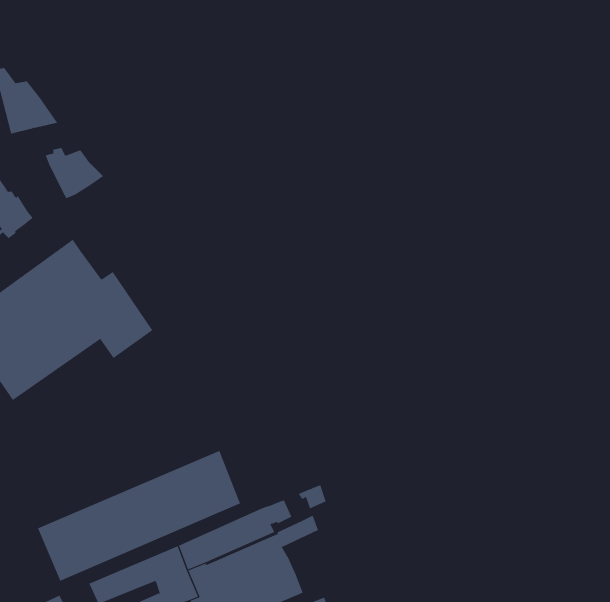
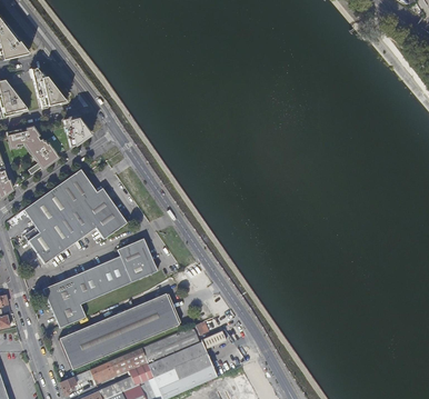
building: none -> [42,238,157,328]

